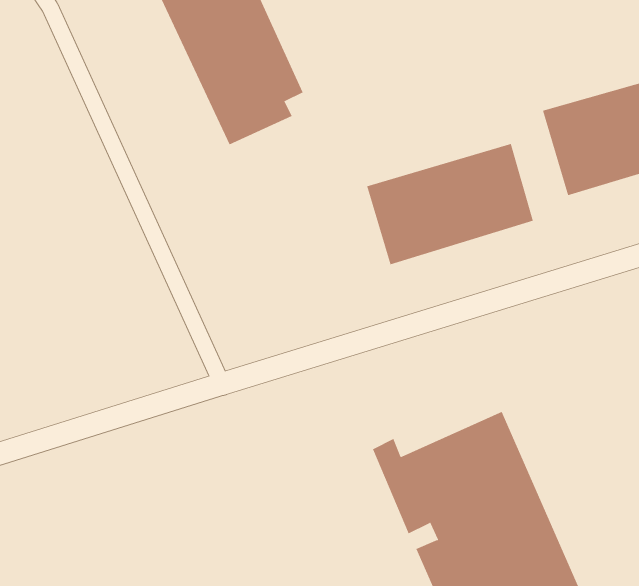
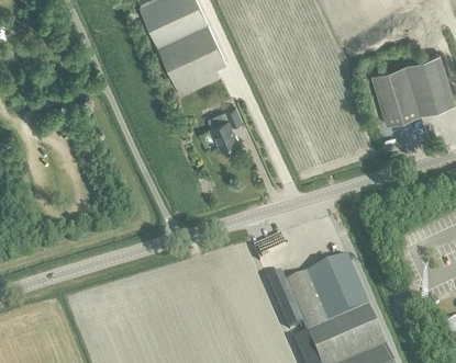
building: [367,143,534,265] -> none
building: none -> [208,107,242,148]

